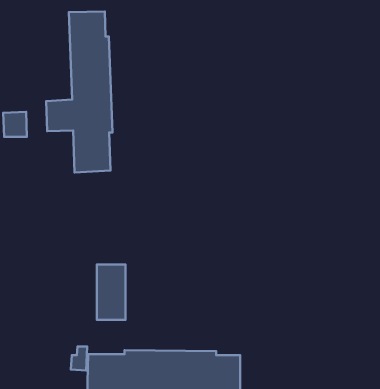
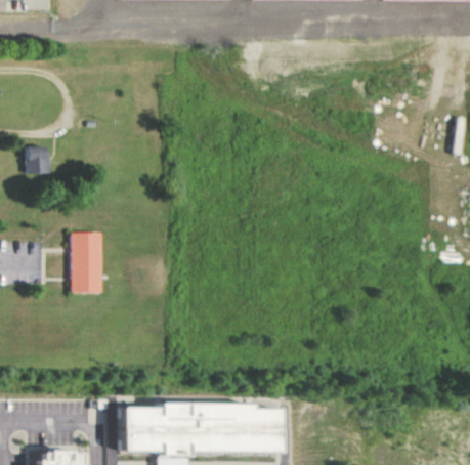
building: [46,11,113,173] -> none
building: [97,265,126,320] -> [67,237,97,296]

